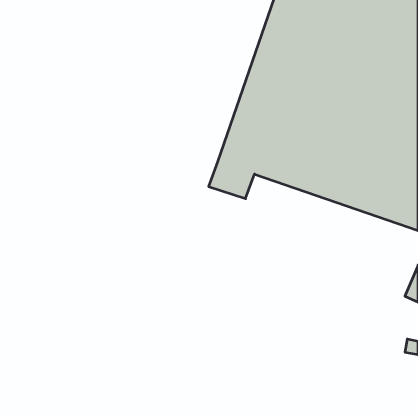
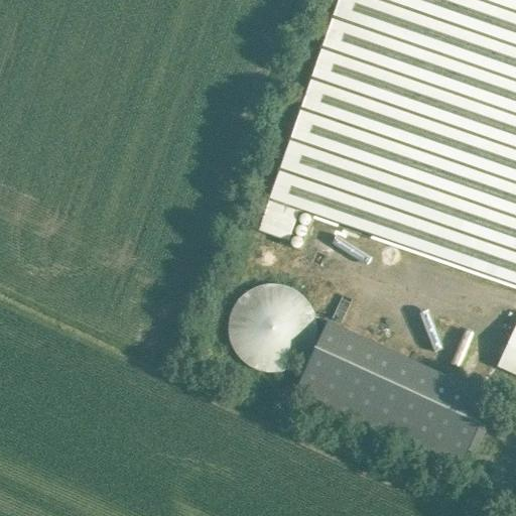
building: none -> [229,286,312,369]
building: none -> [293,318,492,467]

